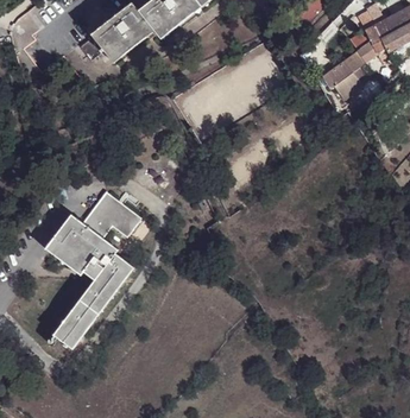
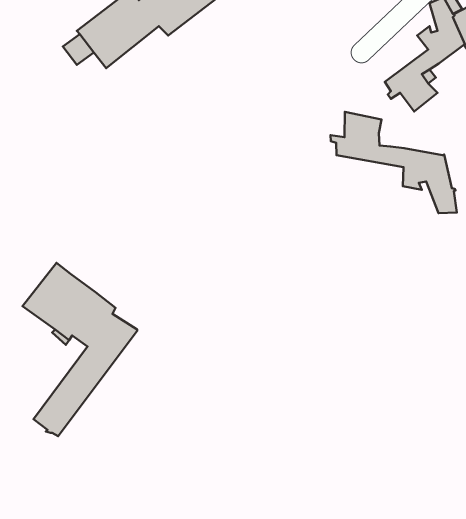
building: none -> [331,112,457,213]
building: [82,192,140,236] -> none

